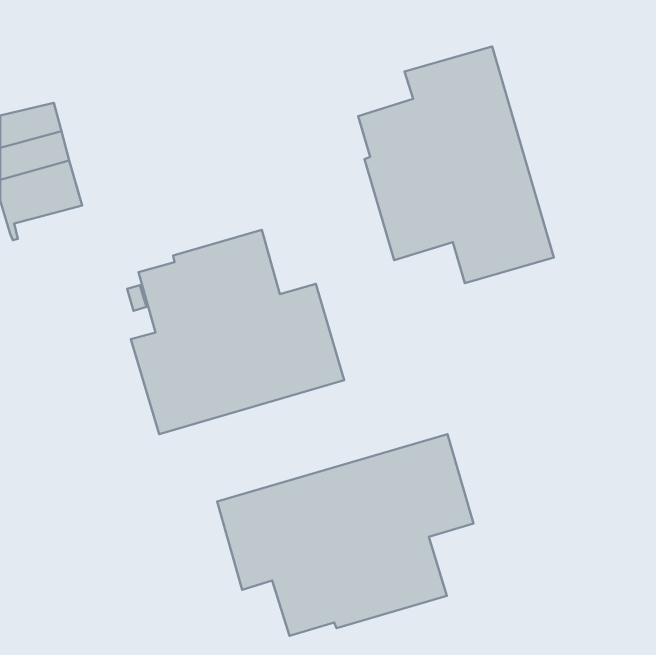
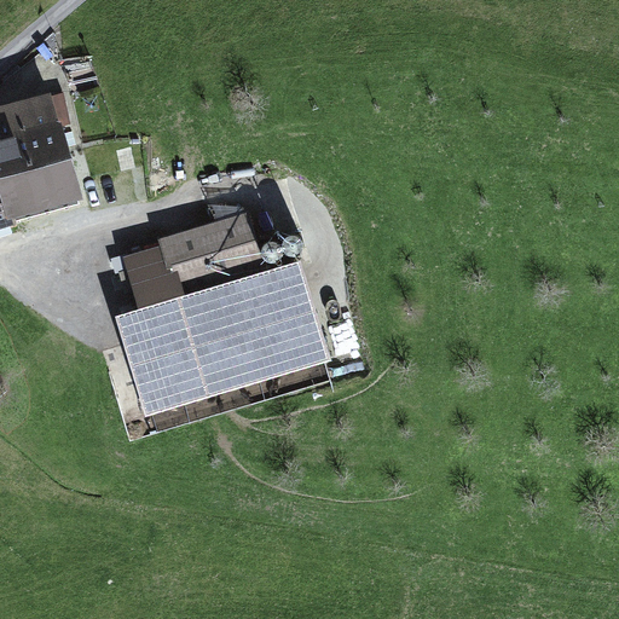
building: [358,46,554,283] -> none
building: [217,434,474,636] -> none

